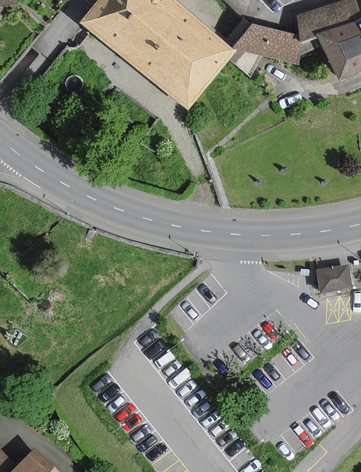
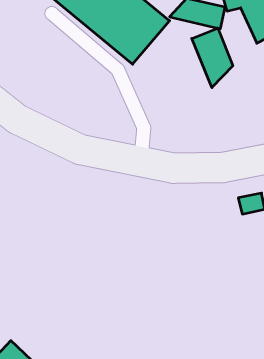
building: none -> [192,28,233,88]

